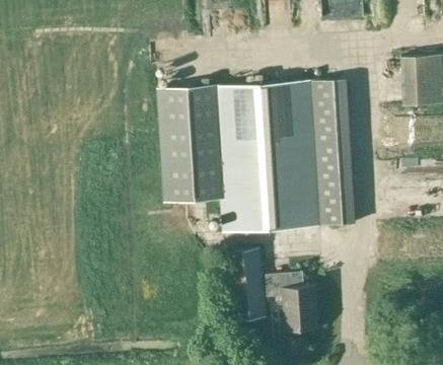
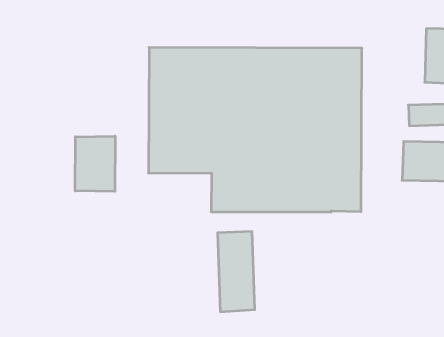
building: none -> [75,136,115,191]
building: [267,273,318,331] -> none

